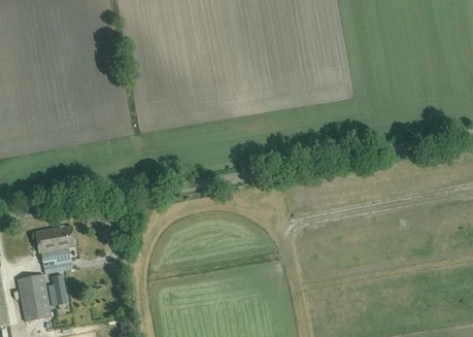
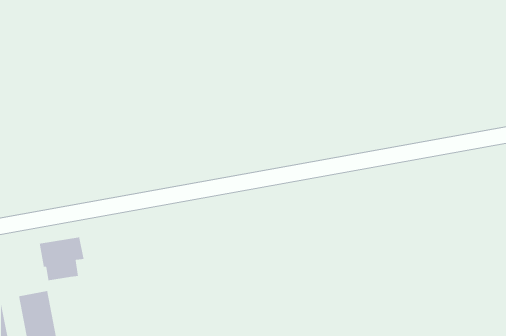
building: [48,276,68,307] -> none

